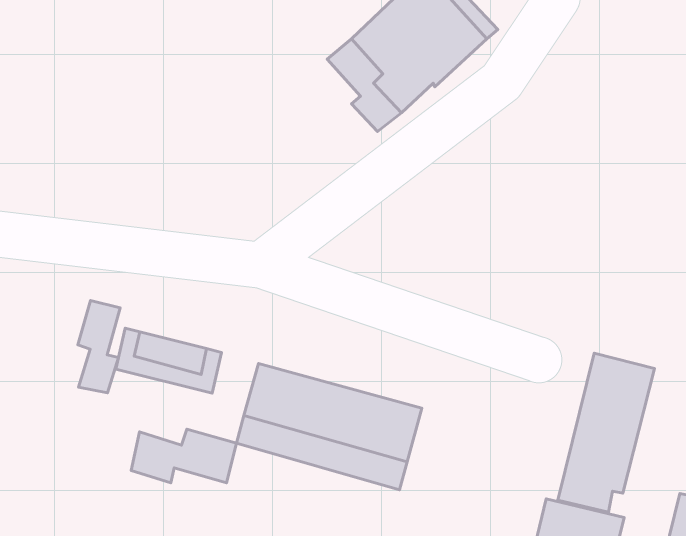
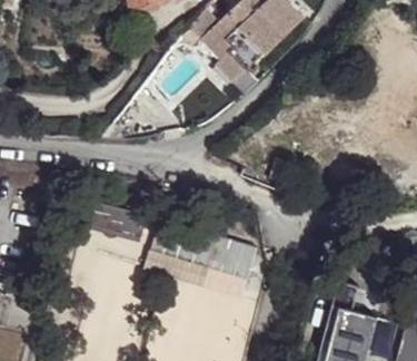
building: [78,300,120,393] -> none
building: [558,353,655,512] -> none
building: [131,429,236,483] -> none

